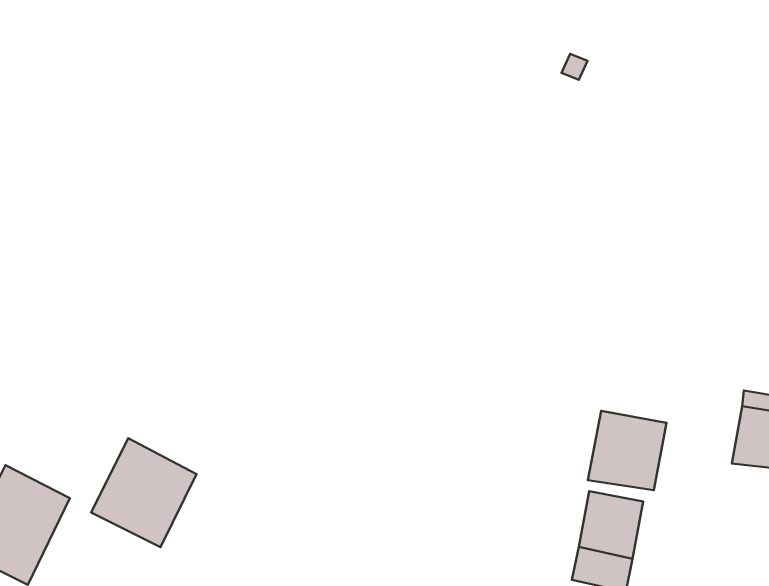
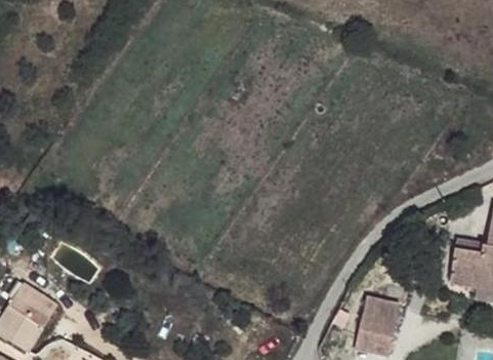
building: [588,411,666,490] -> none
building: [91,438,196,547] -> none

